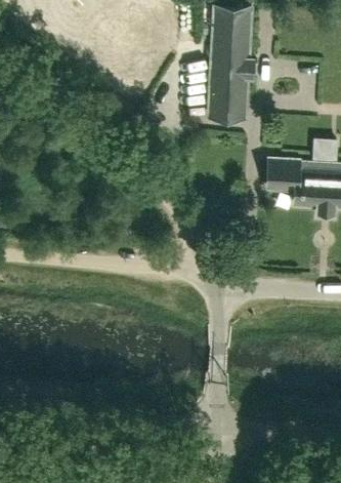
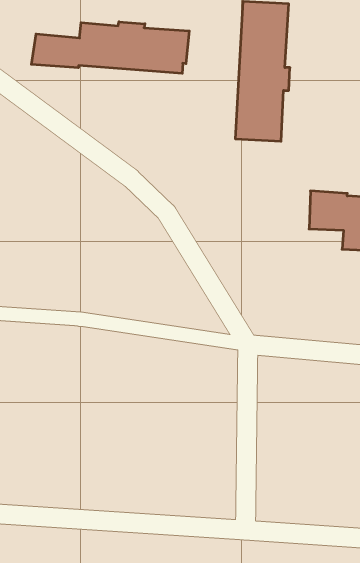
building: none -> [31,22,189,73]

